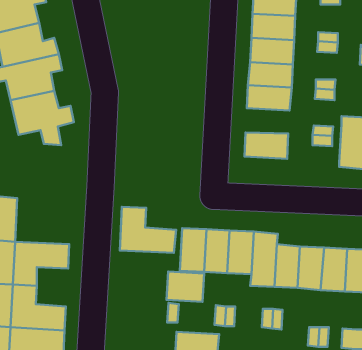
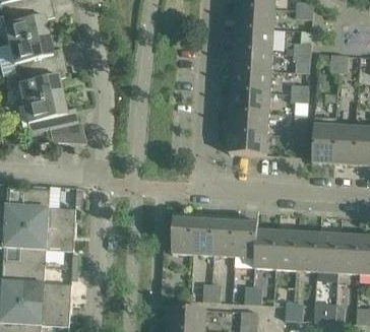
building: none -> [230,110,268,132]
building: [120,207,176,253] -> [26,189,76,229]
building: [167,271,204,302] -> none

